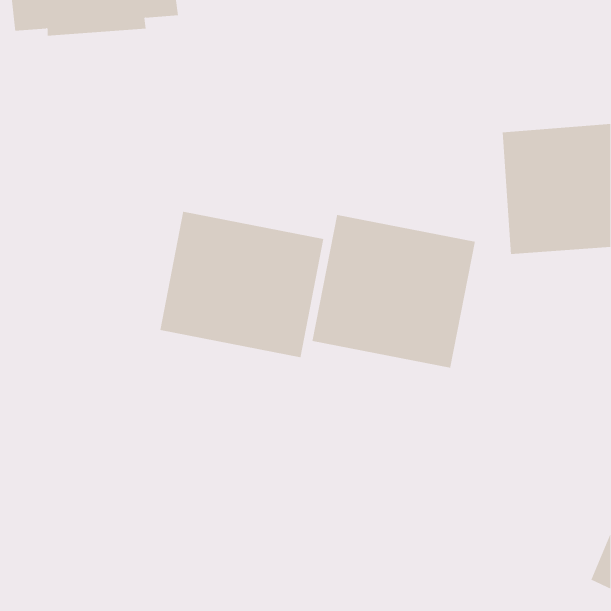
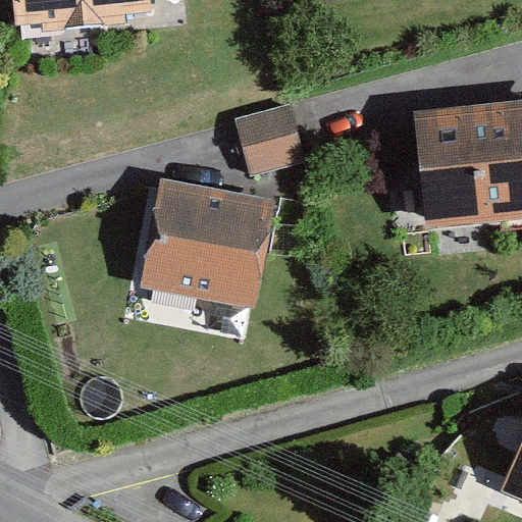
building: none -> [233,104,303,174]
building: [312,214,476,368] -> none

